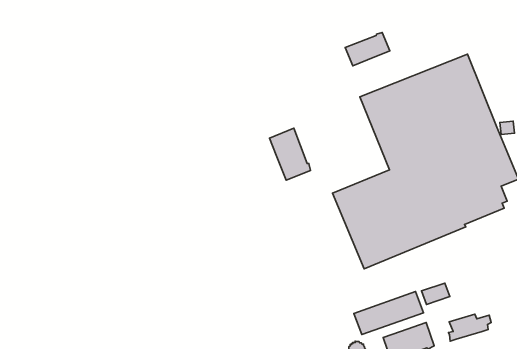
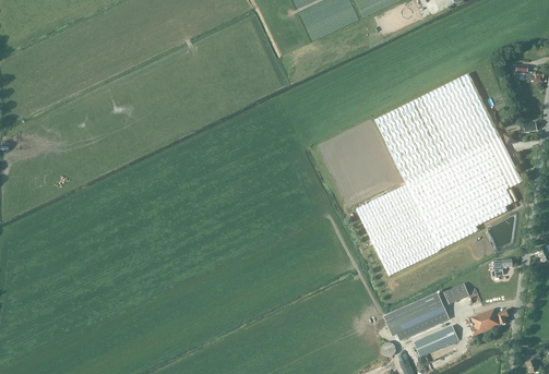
building: [345,33,390,66] -> none
building: [269,128,311,180] -> none

